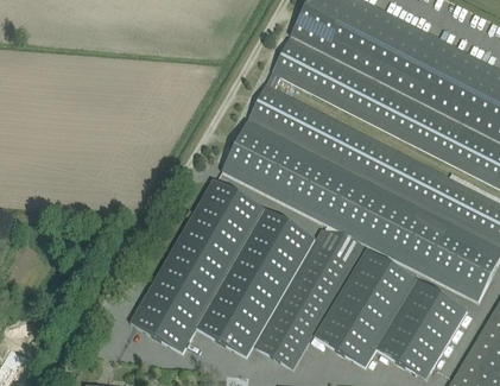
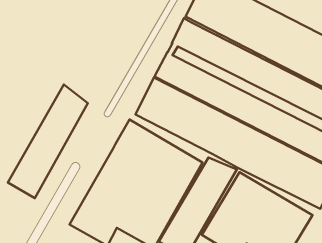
building: none -> [8,85,88,198]

